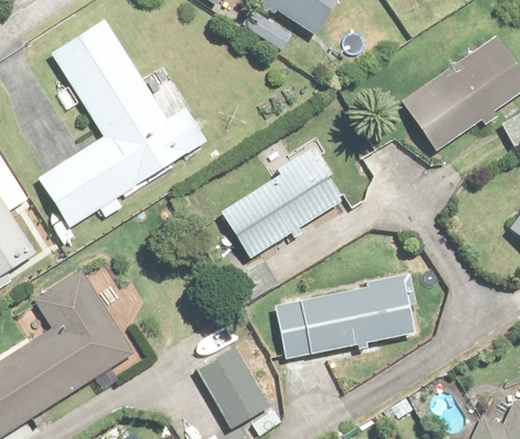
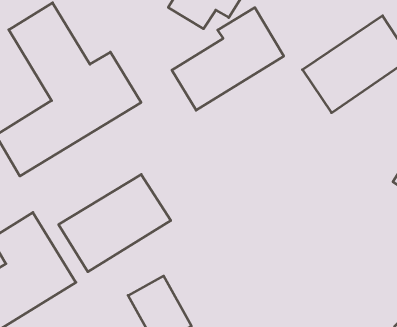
building: [220,139,353,261] -> [172,8,284,110]
building: none -> [59,174,171,272]
building: [272,278,415,360] -> none

